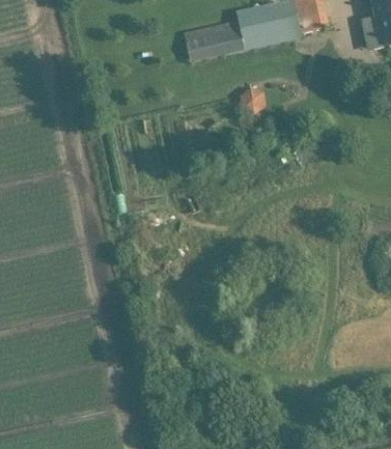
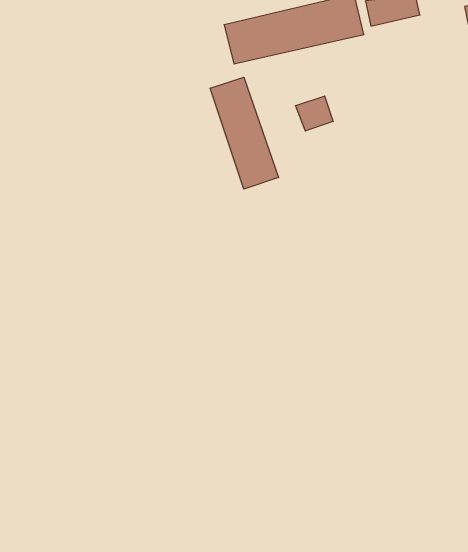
building: none -> [210,77,279,189]

